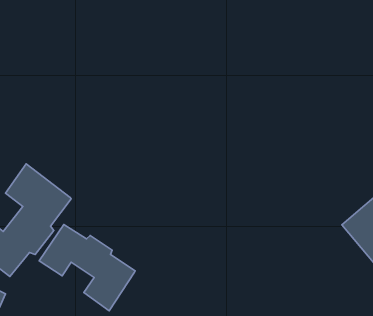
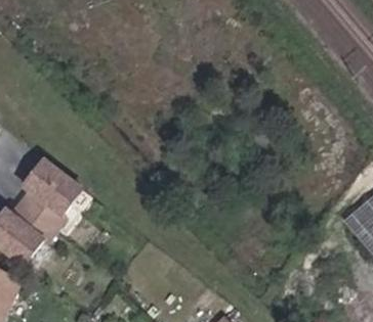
building: [39,225,135,311] -> none

